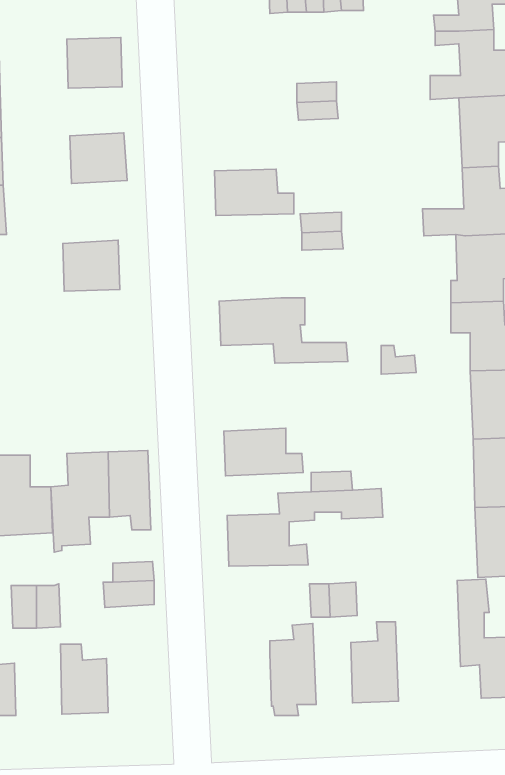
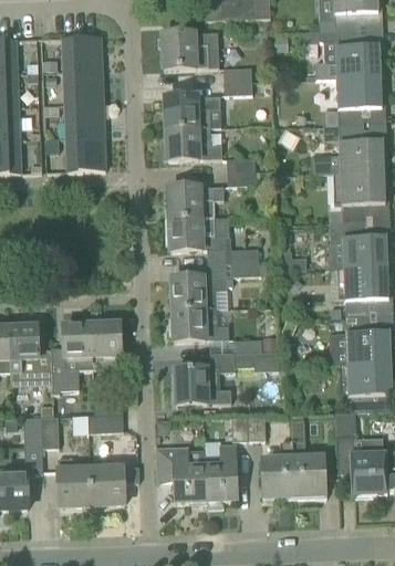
building: none -> [162,31,219,69]
building: none -> [63,70,102,104]
building: none -> [164,95,218,128]
building: [63,240,120,291] -> [65,135,105,170]
building: none -> [167,186,221,219]
building: none -> [170,261,258,310]
building: none -> [291,417,325,497]
building: none -> [155,447,205,502]
building: none -> [90,465,137,505]

